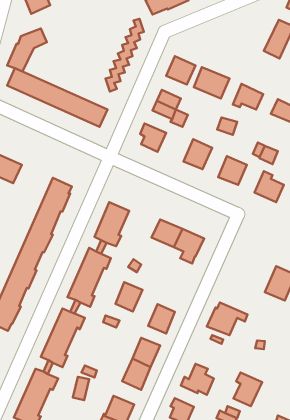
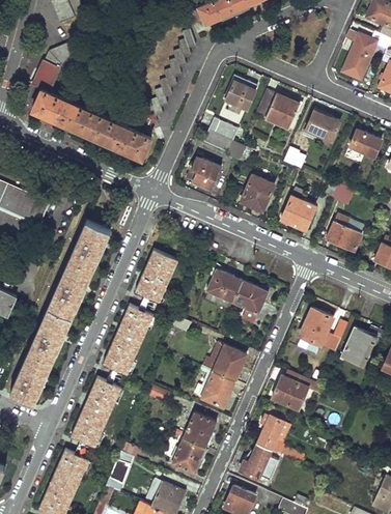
building: none -> [302,310,340,352]
building: [116,282,142,312] -> [212,347,244,382]
building: [233,373,262,406] -> [257,413,291,454]

